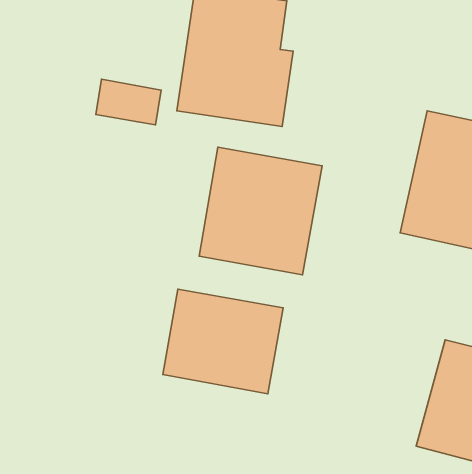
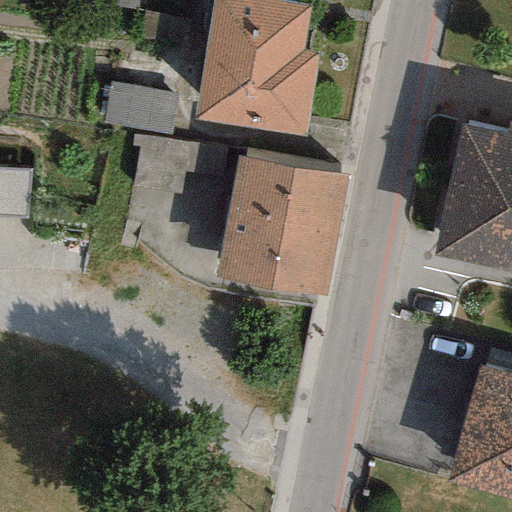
building: [163,289,283,394] -> none

